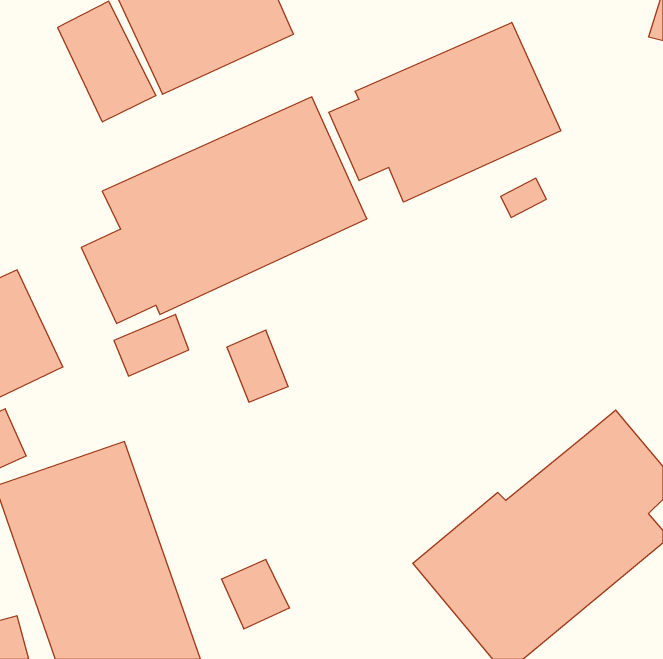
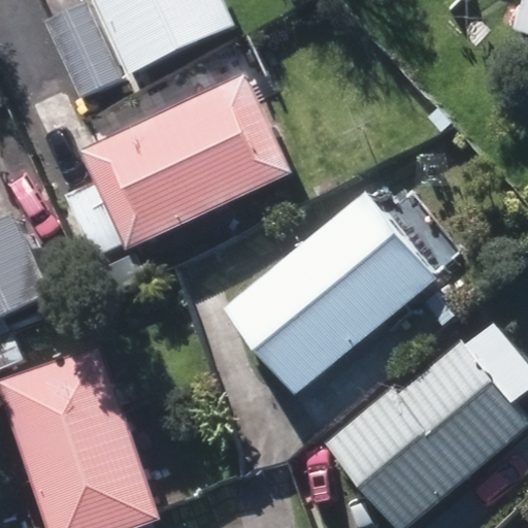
building: [329,22,561,202] -> none
building: none -> [226,194,434,393]

